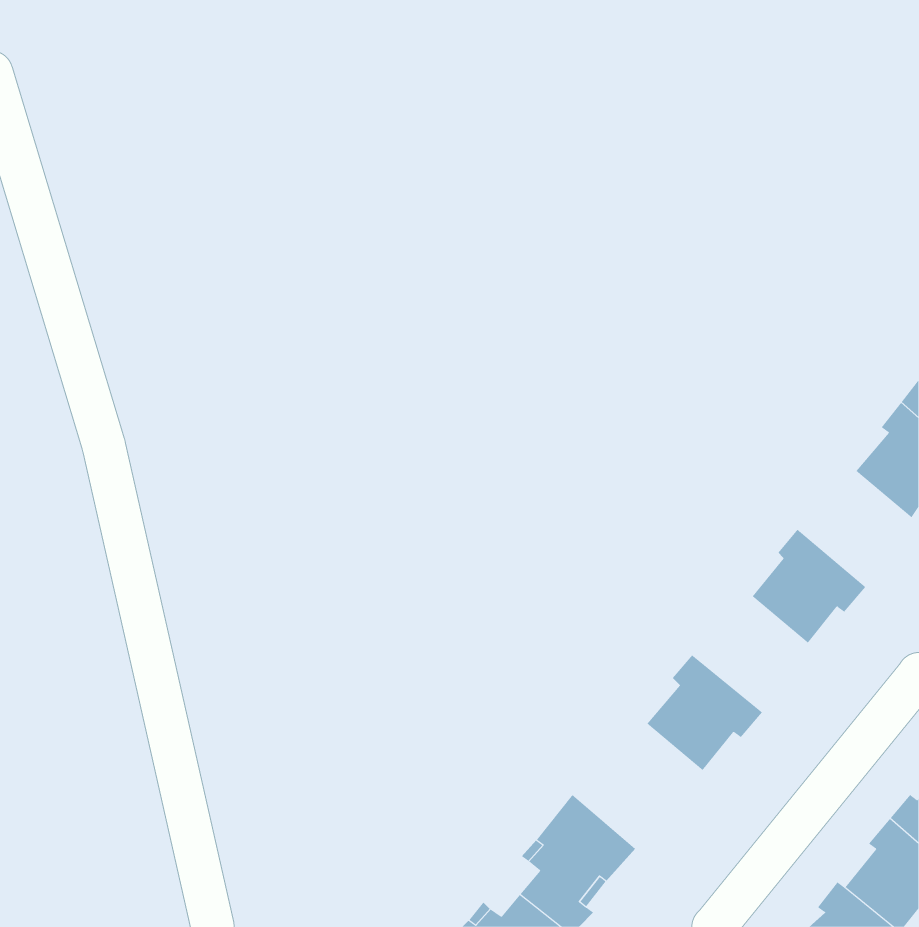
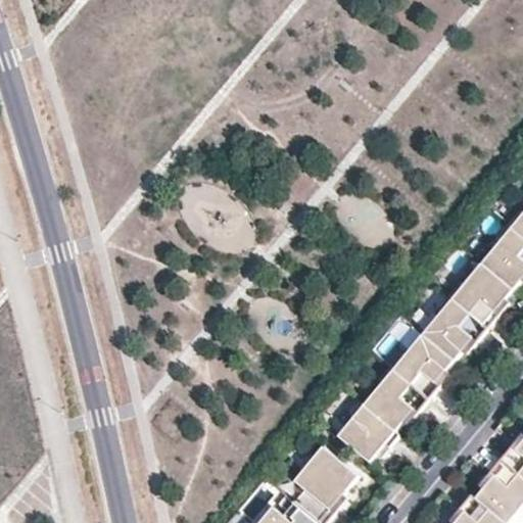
building: none -> [448,265,513,330]
building: none -> [389,335,455,400]
building: none -> [338,403,399,464]

